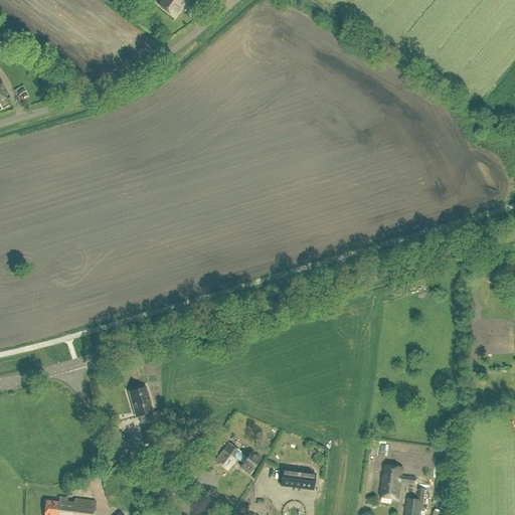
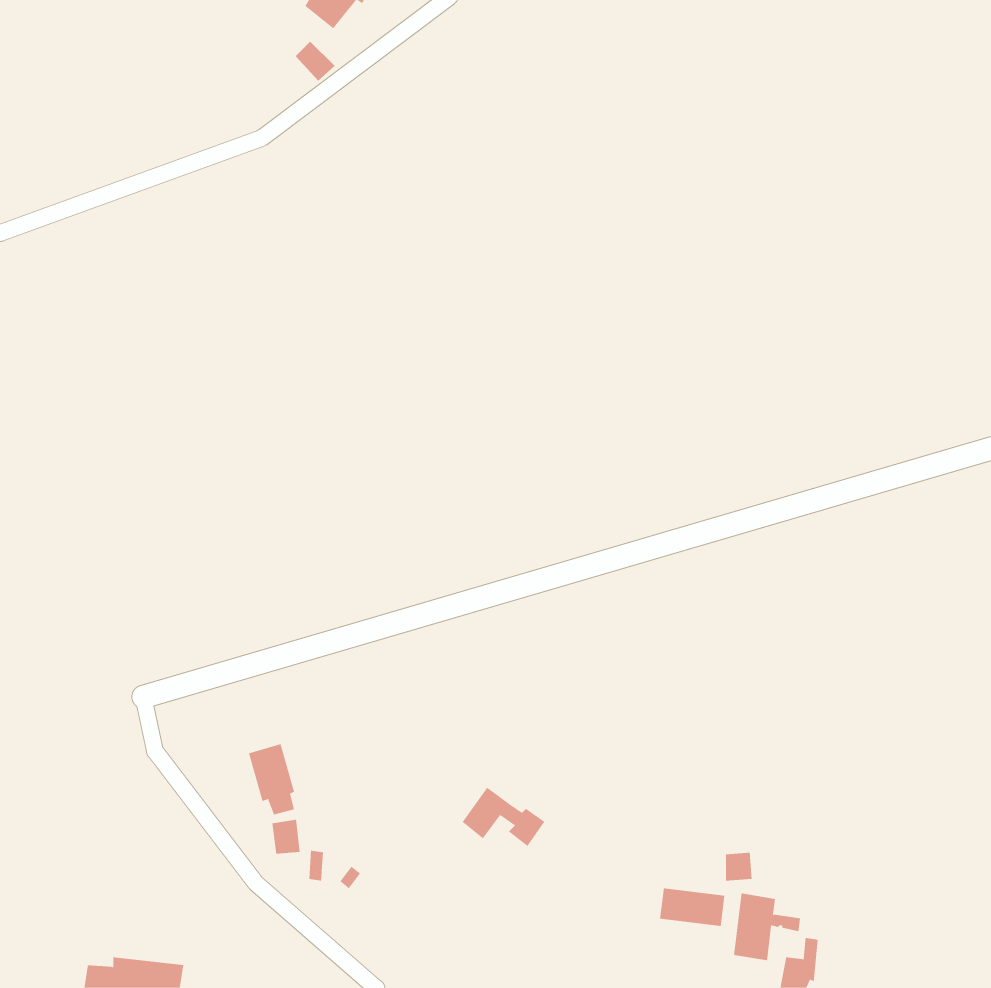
building: [215,442,259,473] -> [462,787,545,847]
building: [281,468,315,488] -> [659,888,725,927]

